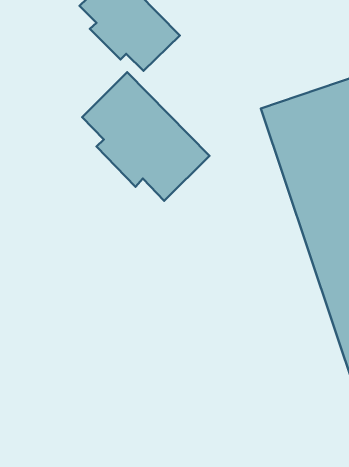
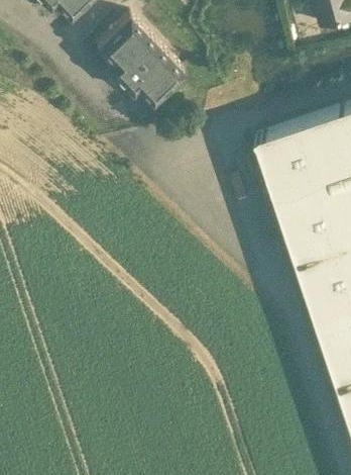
building: [82,72,209,201] -> none

